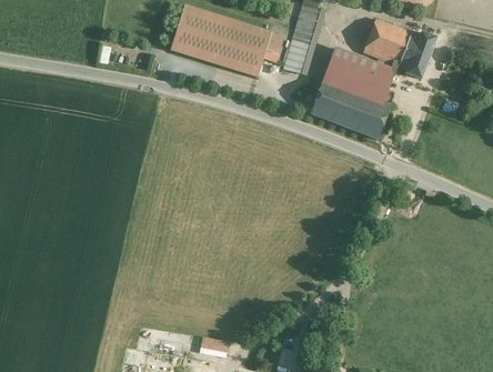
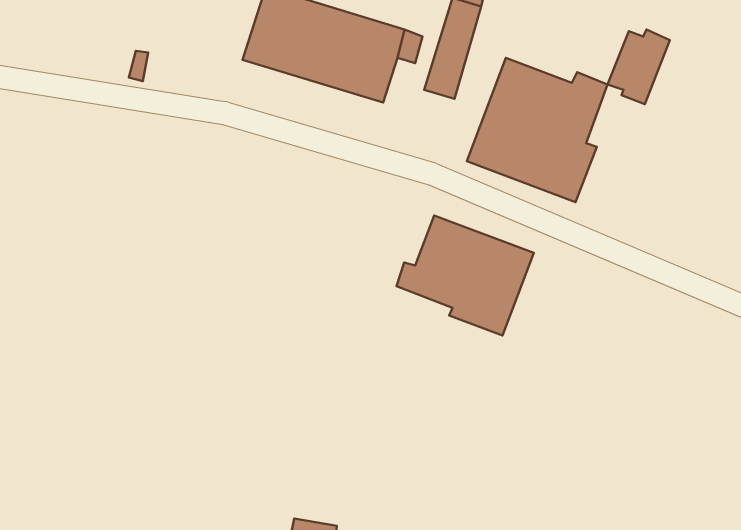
building: [363,19,411,66] -> none
building: none -> [396,215,534,335]

